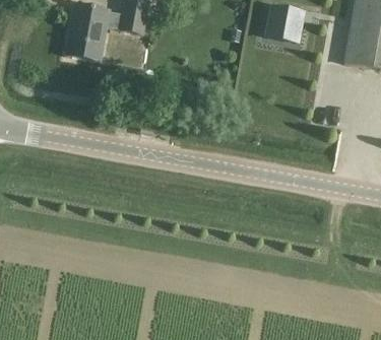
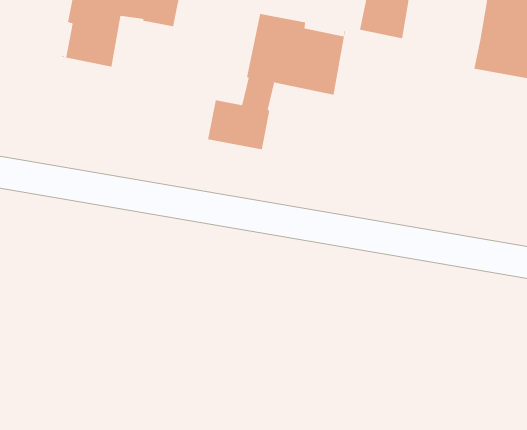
building: none -> [208,13,346,150]

